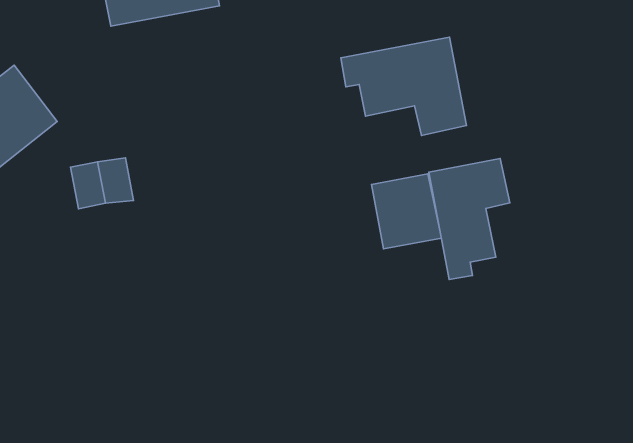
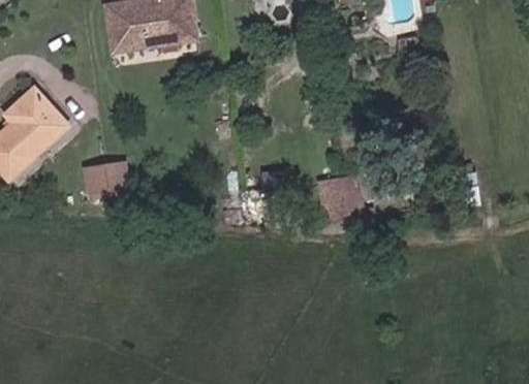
building: [341,37,466,136] -> none
building: [429,158,510,280] -> none

